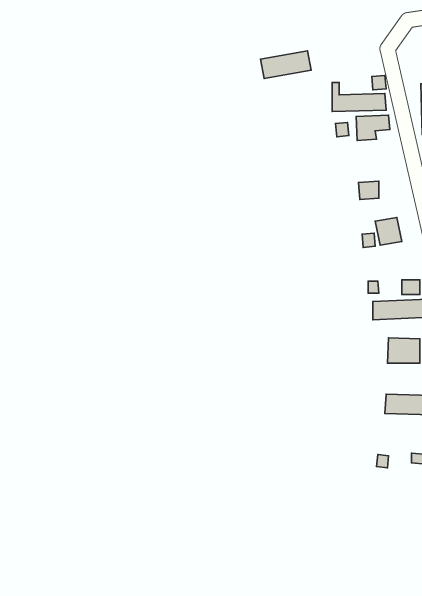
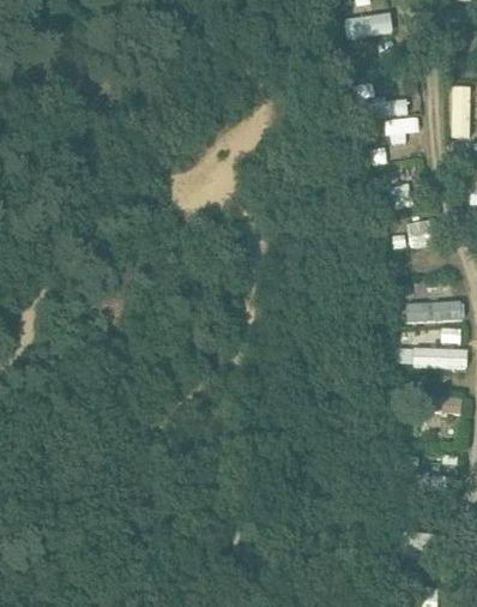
building: [261,51,311,78] -> [343,12,393,40]

